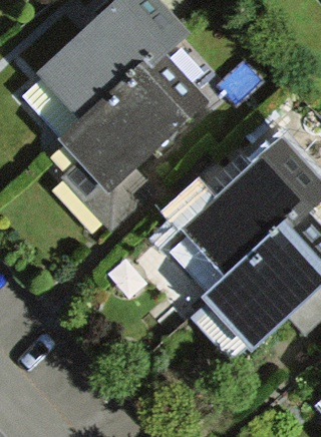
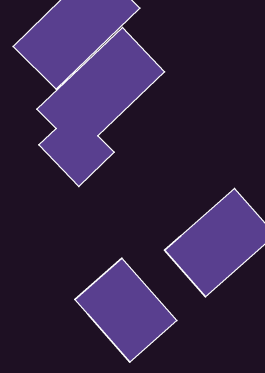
building: [180,154,307,277] -> none
building: none -> [75,258,177,362]

